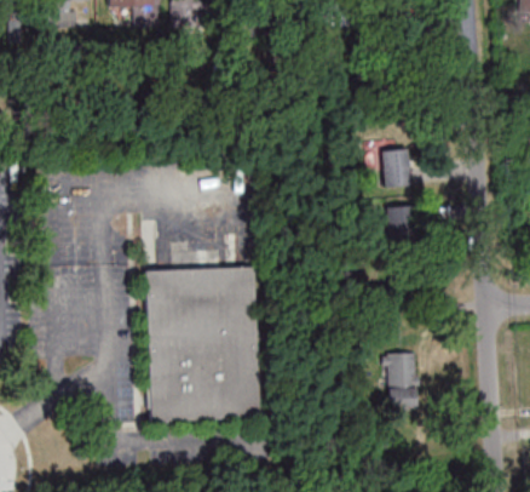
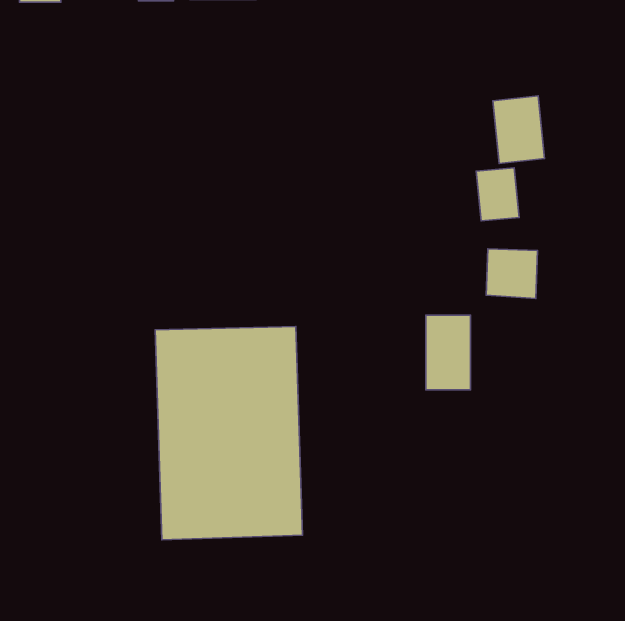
building: none -> [493,96,545,164]
building: [386,353,419,407] -> [426,315,470,390]

